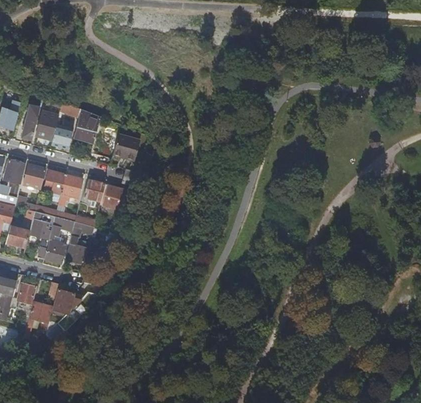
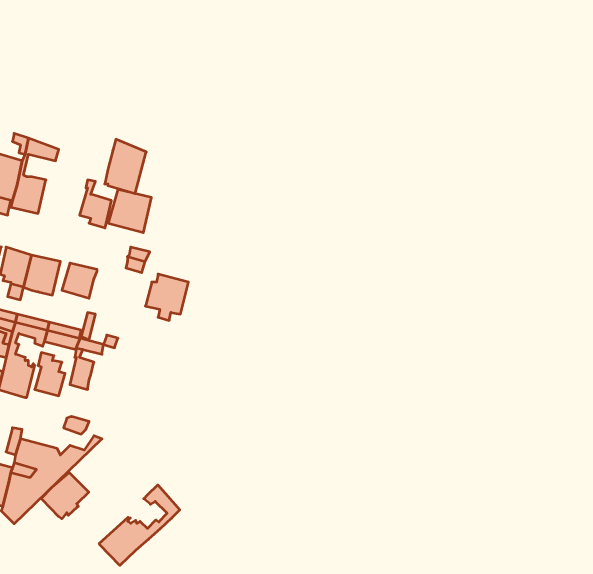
building: [74,108,100,142] -> [105,139,146,194]
building: [99,184,126,213] -> [145,274,188,320]
building: none -> [41,473,89,519]
building: none -> [99,485,180,565]

